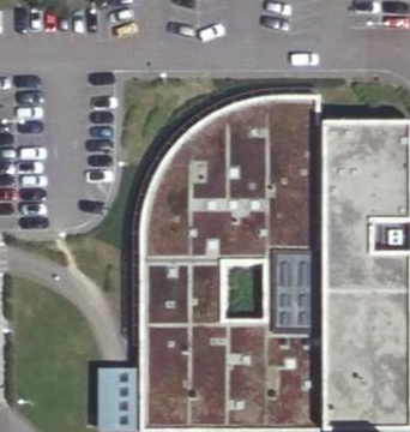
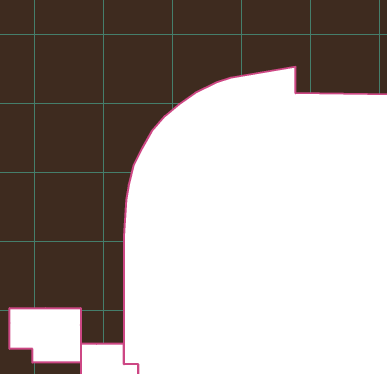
building: none -> [10,308,81,363]

